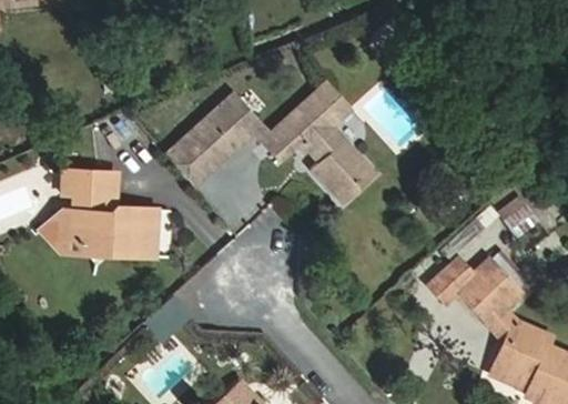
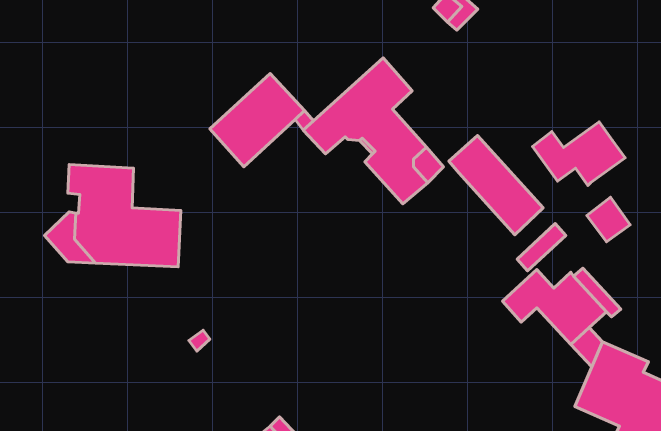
building: none -> [533,122,625,186]
building: [164,139,210,185] -> none
building: none -> [449,135,543,235]

